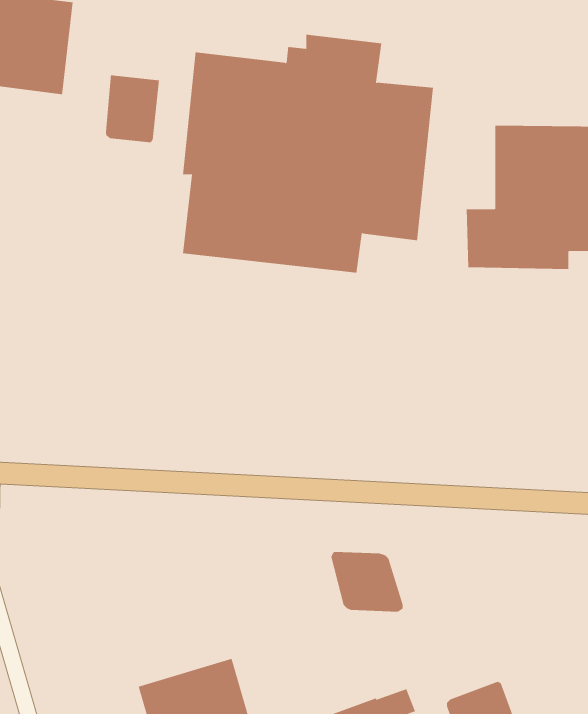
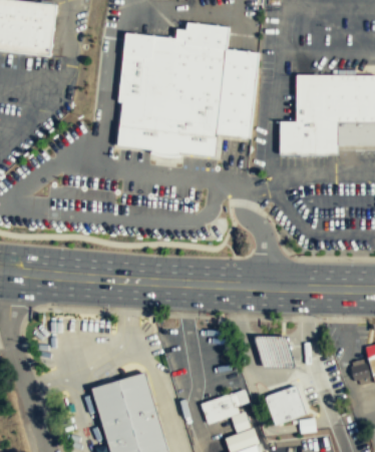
building: [105,74,160,143] -> none
building: [330,551,404,612] -> [256,336,297,370]

